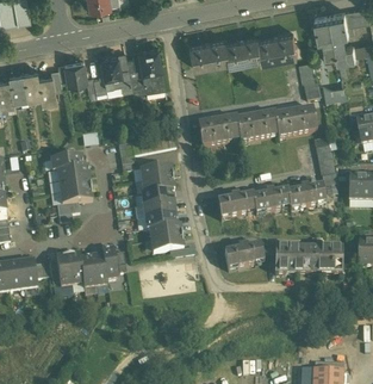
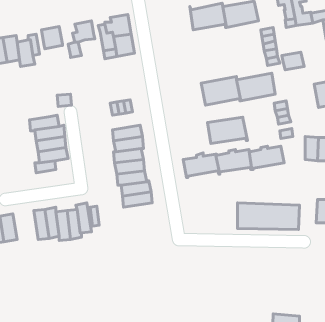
building: [188,37,226,66] -> none
building: [197,118,240,147] -> [207,117,247,144]
building: [224,246,262,270] -> none

